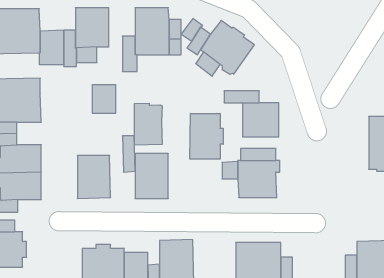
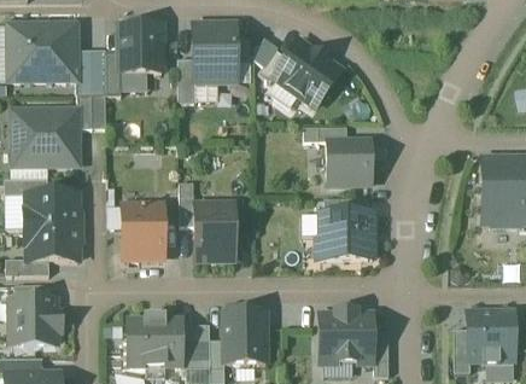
building: [92,85,116,113] -> [77,92,106,127]
building: [134,103,162,145] -> none
building: [190,113,223,159] -> none

